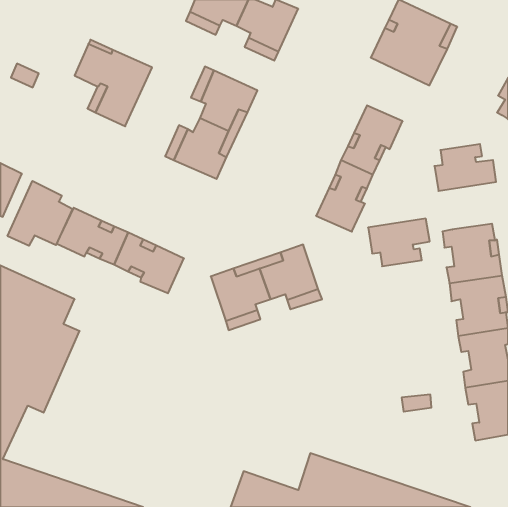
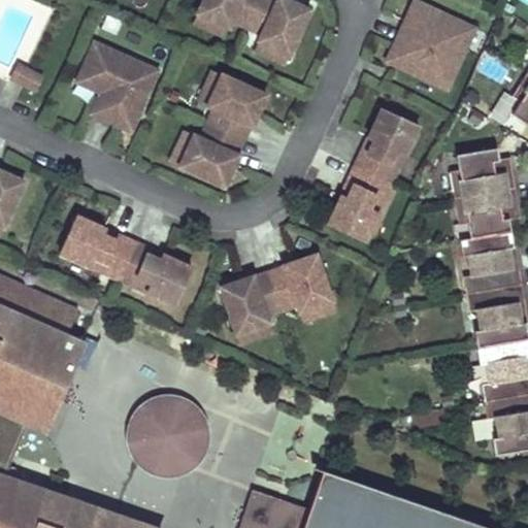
building: [8,181,73,246] -> none
building: [368,219,430,266] -> [455,189,519,238]
building: none -> [126,394,209,478]

